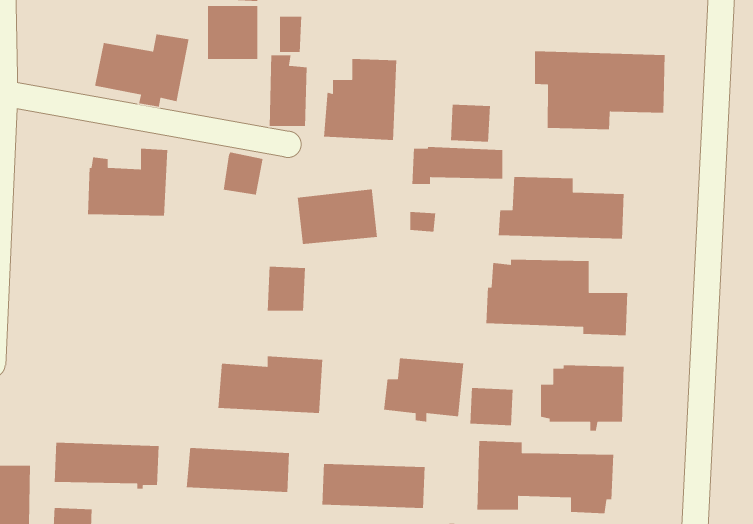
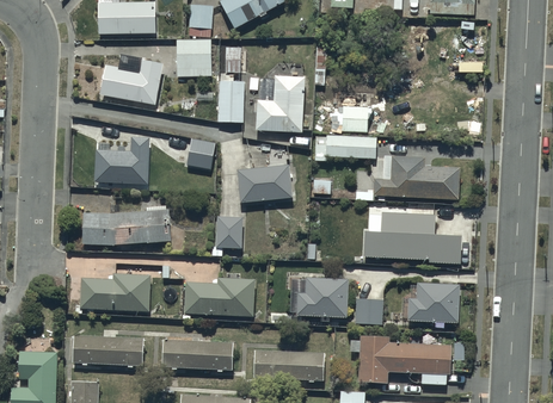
building: [534,50,666,130] -> none
building: none -> [81,209,170,244]
building: none -> [79,273,149,310]

